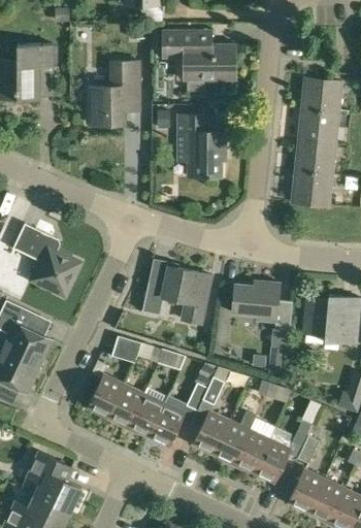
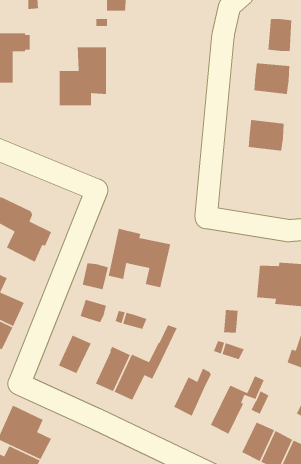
building: none -> [268,18,292,52]
building: [163,30,234,91] -> none
building: [298,108,338,143] -> none
building: [176,114,228,177] -> none
building: [291,170,332,205] -> none
building: [232,280,293,330] -> none
building: none -> [82,263,109,290]
building: [193,367,230,454] -> none
building: [108,384,144,428] -> none
building: [234,418,275,473] -> none

